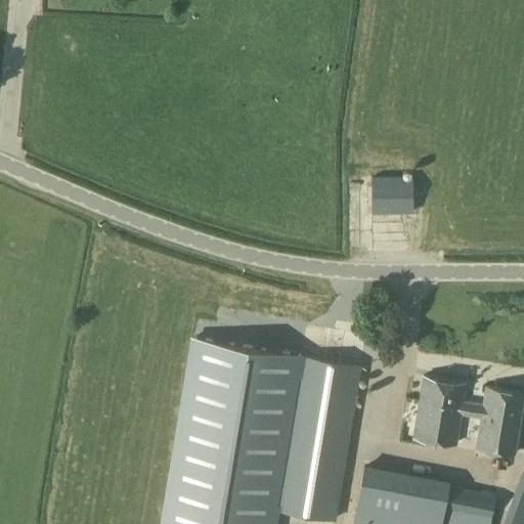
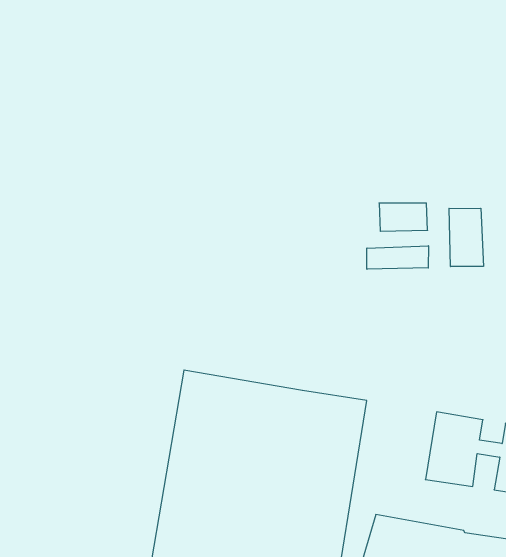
building: none -> [449,208,483,267]
building: none -> [367,246,428,269]

